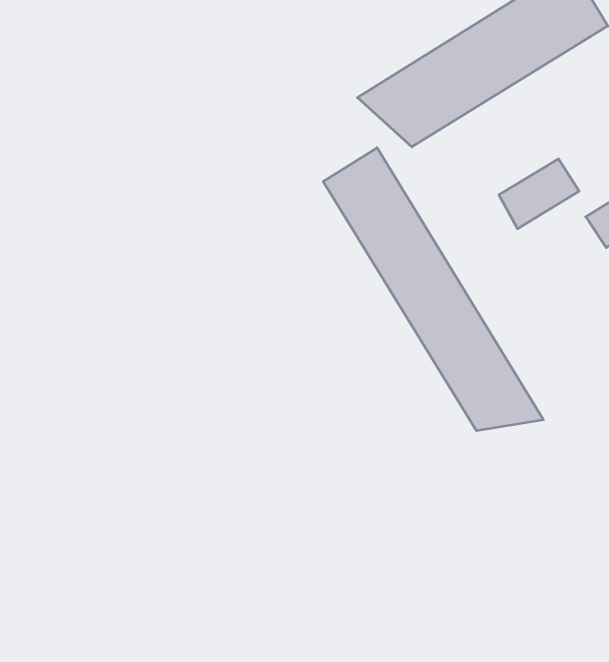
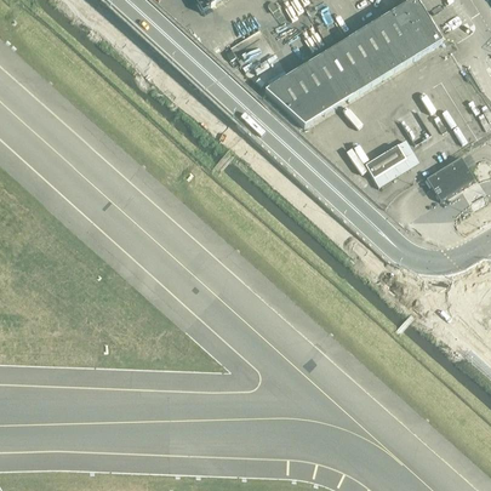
building: [323,148,543,431] -> none

